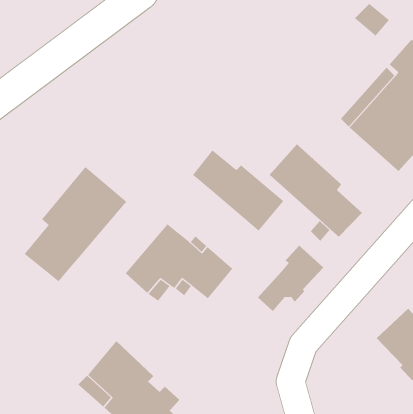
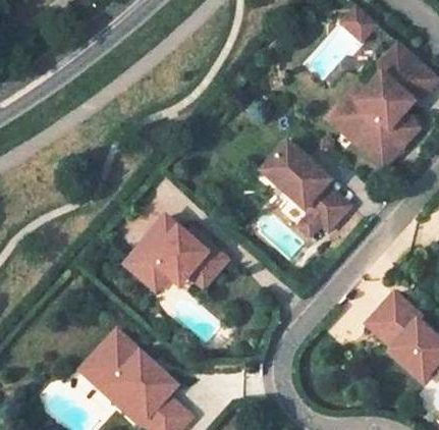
building: [192,149,284,231] -> none
building: [24,166,127,282] -> none
building: [257,245,324,312] -> none

